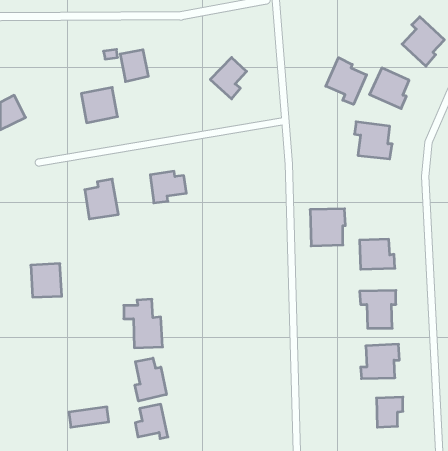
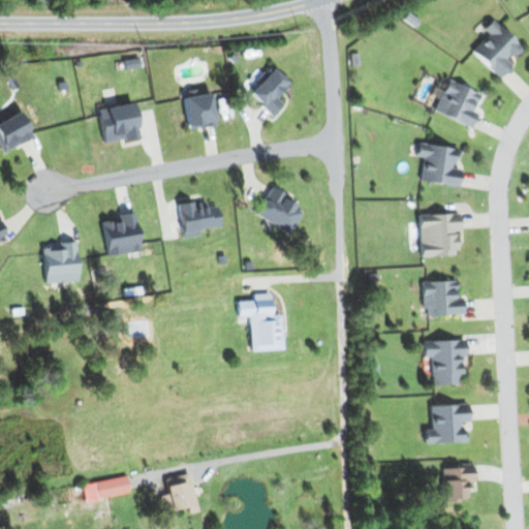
building: [120,50,148,82] -> [184,93,217,130]
building: [326,58,367,104] -> none
building: none -> [257,187,305,235]
building: [310,209,345,246] -> [421,213,462,256]
building: [31,264,62,297] -> [43,243,80,282]
building: [124,299,163,348] -> [240,293,285,350]
building: [135,358,166,401] -> none

